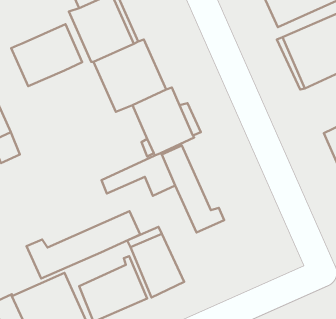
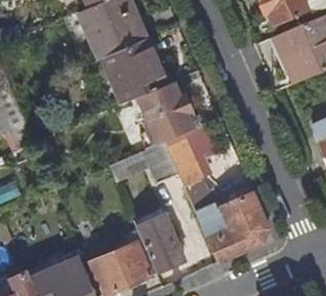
building: [11,24,82,86] -> none
building: none -> [206,186,269,262]
building: [27,211,140,279] -> none

